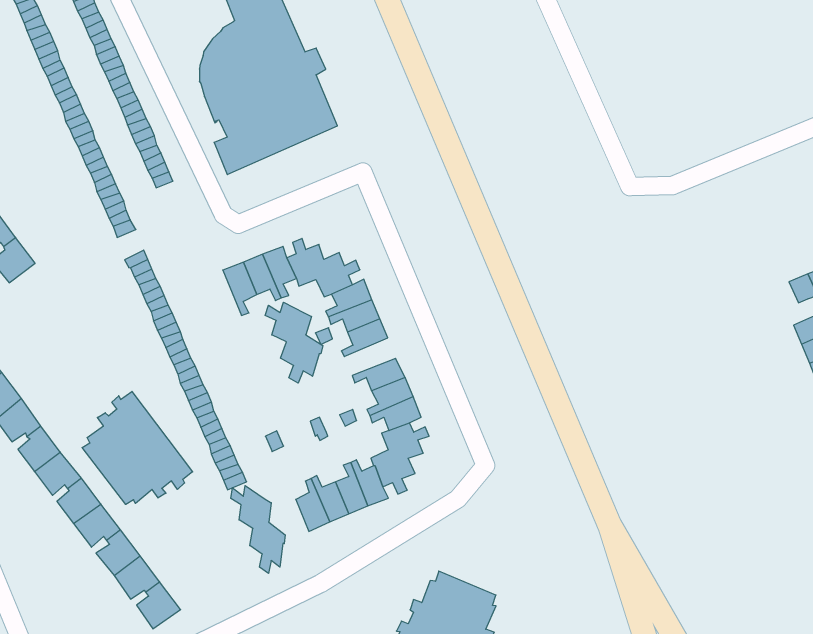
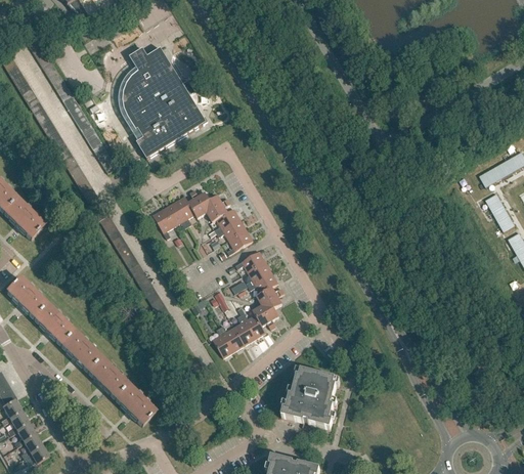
building: [265,302,323,383] -> none
building: [82,391,193,504] -> none
building: [231,486,285,573] -> none

